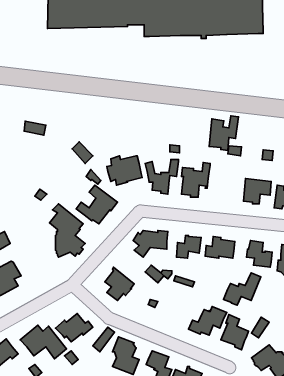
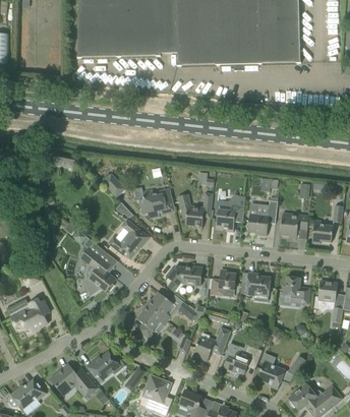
building: [209,116,239,150] -> [247,199,278,235]
building: none -> [145,291,173,320]
building: [224,273,261,305] -> [192,326,231,360]

